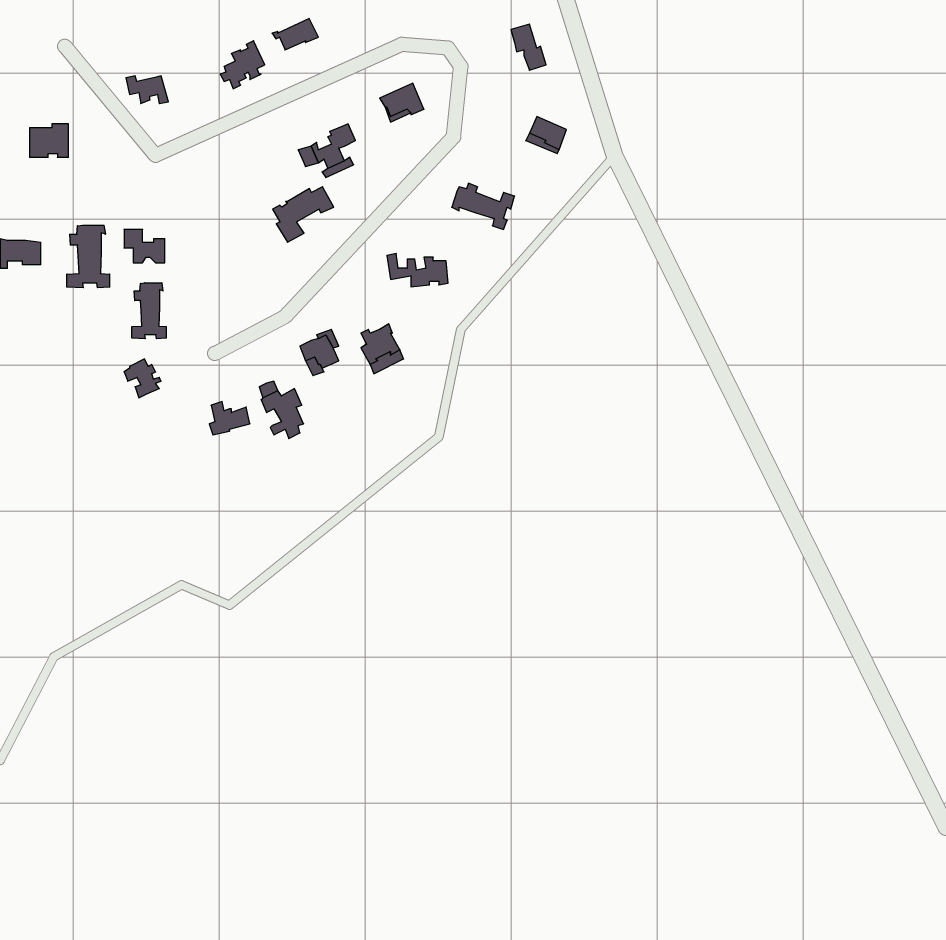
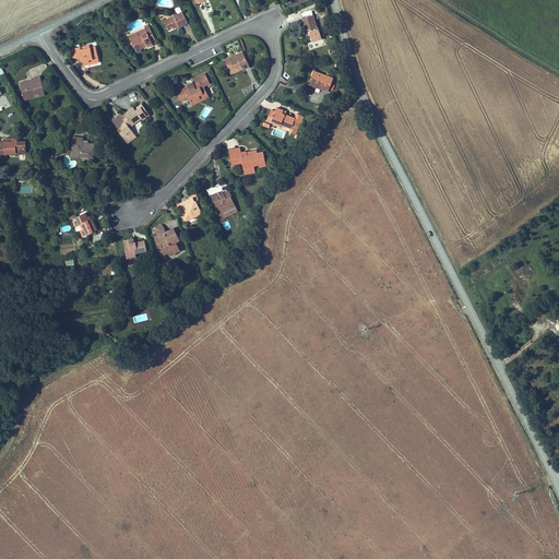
building: [273,187,334,242] -> [114,108,150,141]
building: [67,225,110,288] -> none
building: [132,283,166,339] -> none

